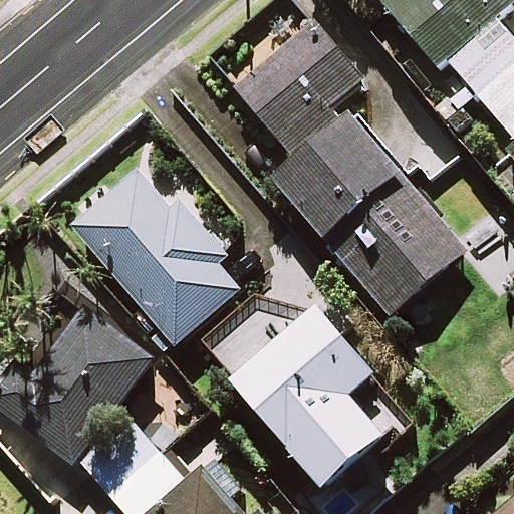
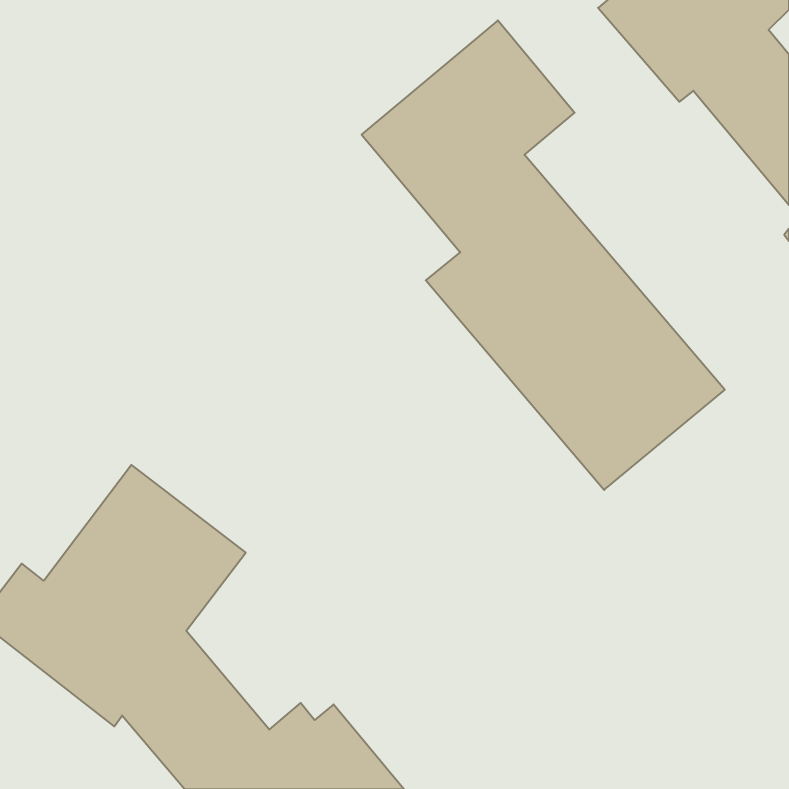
building: [69,167,239,345] -> none
building: [233,311,386,489] -> none

